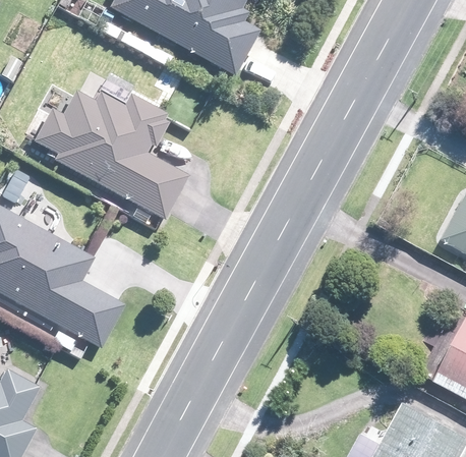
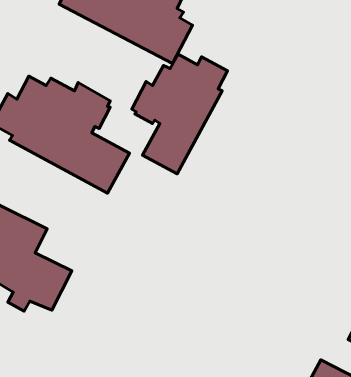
building: none -> [132,54,227,174]

